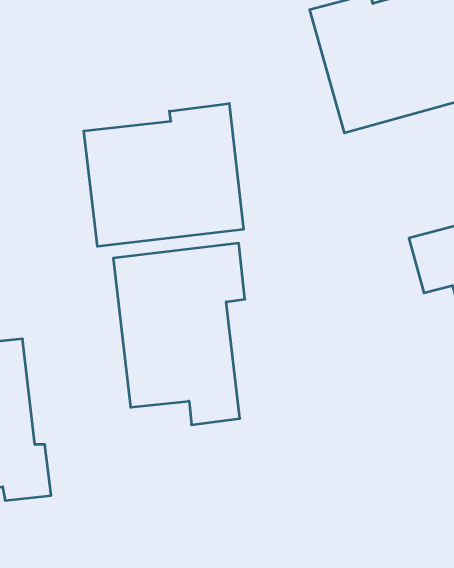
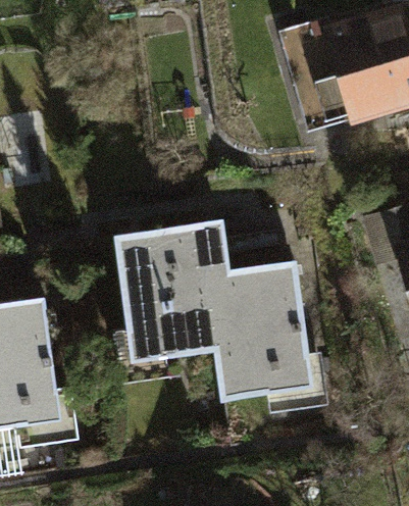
building: [84,103,243,246] -> none
building: none -> [212,261,318,394]

